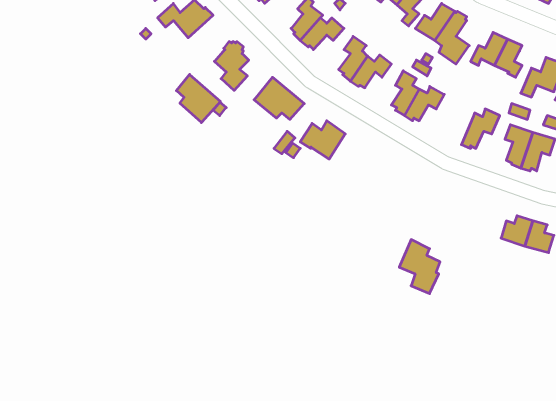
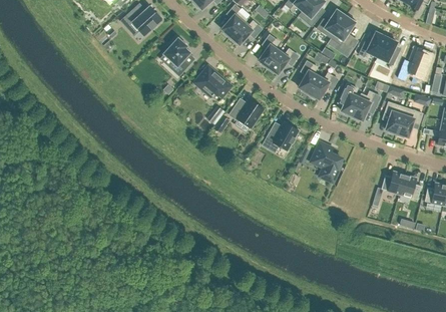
building: [176,74,220,123] -> none
building: none -> [338,83,360,116]
building: none -> [262,121,299,150]
building: [399,240,440,294] -> [310,140,341,182]

